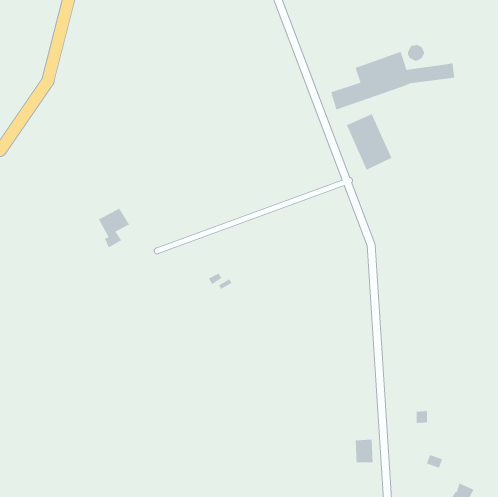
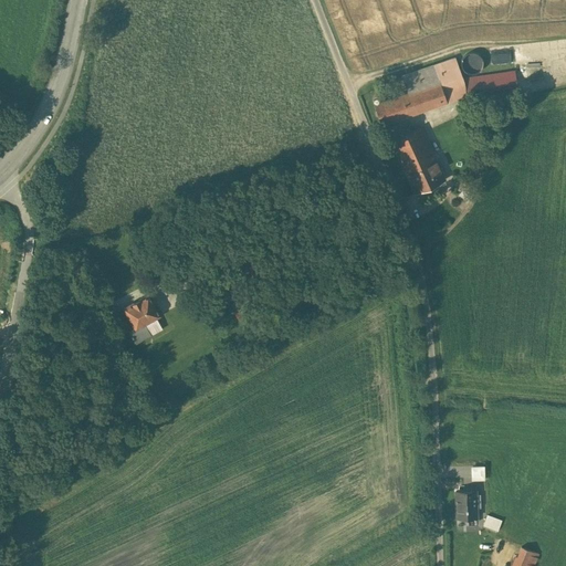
building: [98,207,130,248] -> [124,296,160,343]
building: [355,439,373,463] -> [455,492,476,520]

